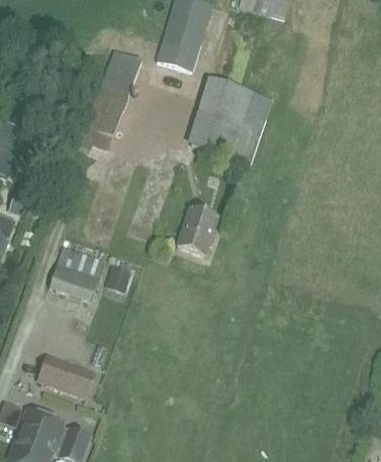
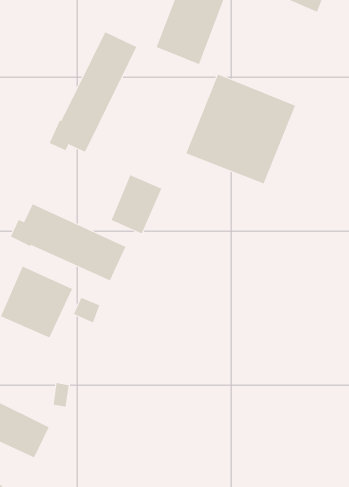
building: none -> [10,204,126,281]
building: [179,207,218,254] -> [111,174,162,234]

